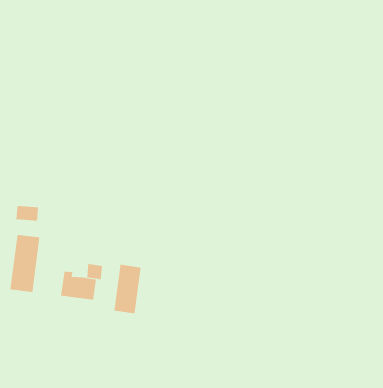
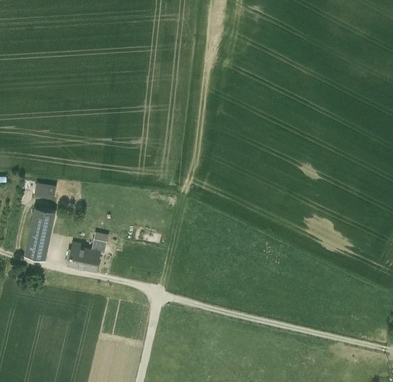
building: [114,264,141,314] -> none

